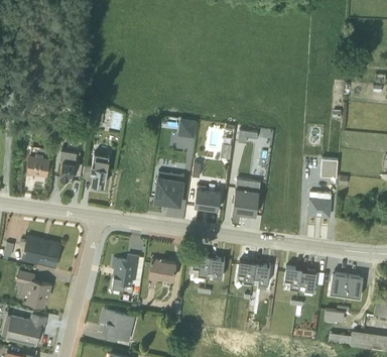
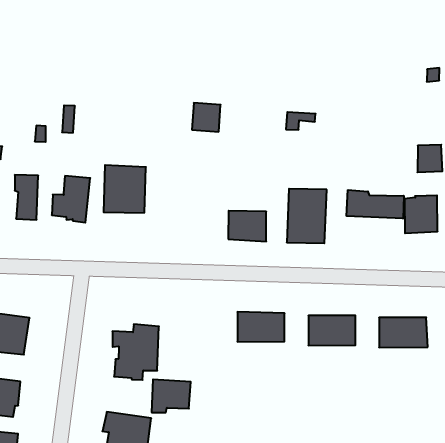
building: [154,171,184,205] -> [104,165,146,213]
building: none -> [347,190,404,219]
building: [149,259,176,281] -> [152,379,191,413]

